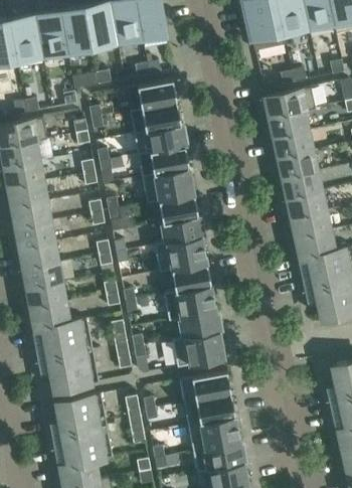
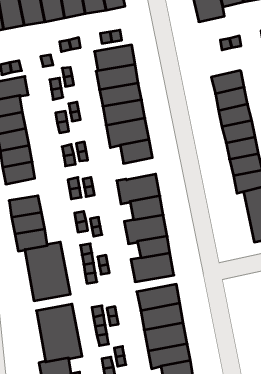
building: [266,88,315,119] -> none
building: [163,216,202,243] -> none
building: [20,241,59,269] -> none

